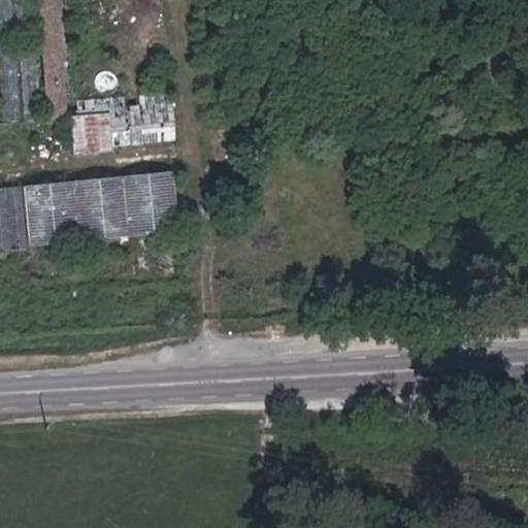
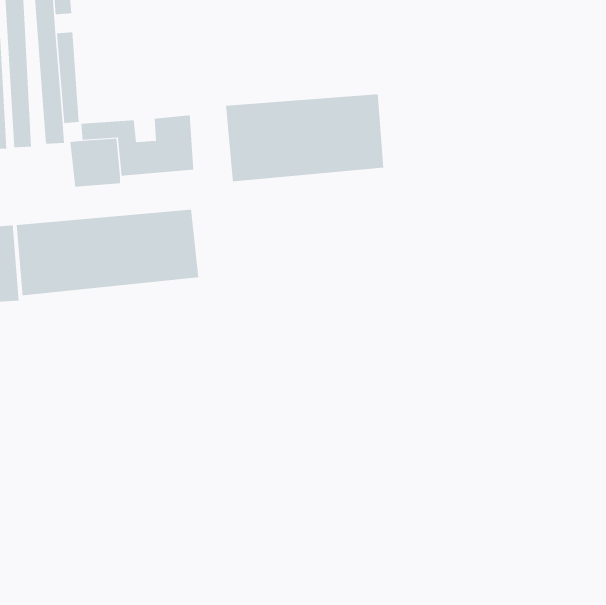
building: none -> [225,93,384,182]

